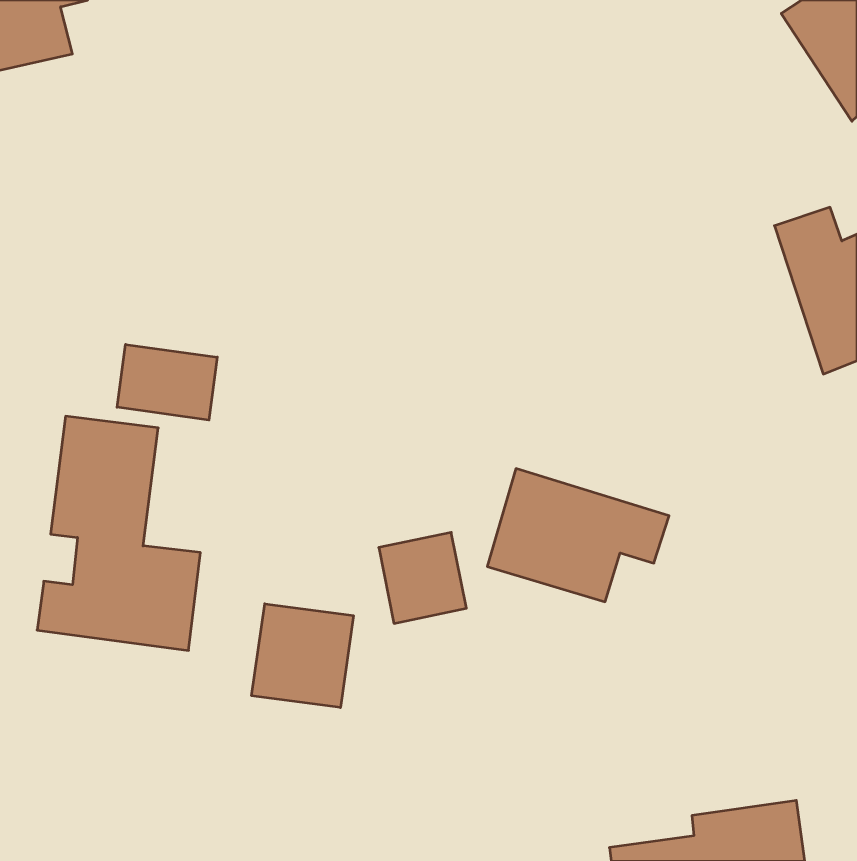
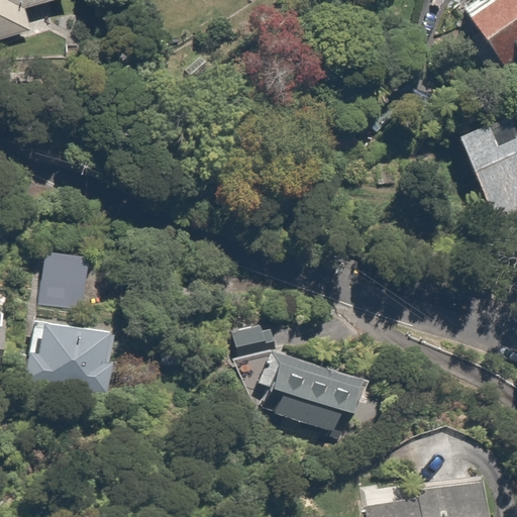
building: [117,344,217,420] -> none
building: [487,469,669,602] -> [268,356,377,436]
building: [252,604,353,708] -> none

